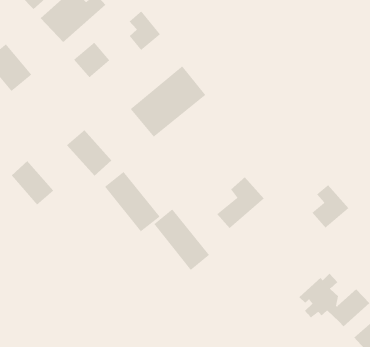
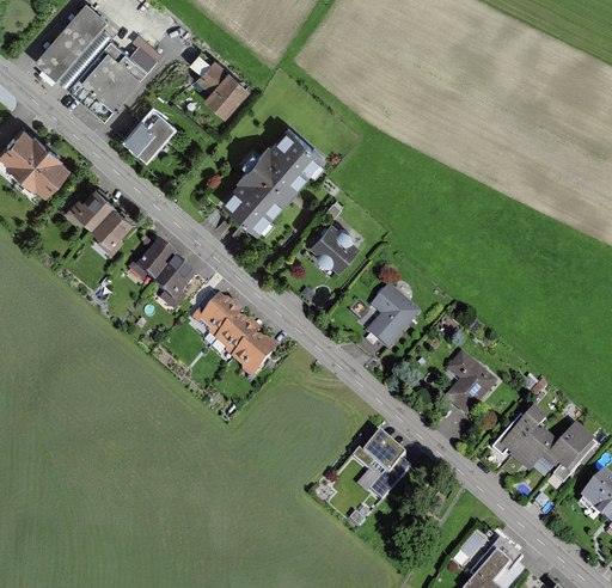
building: none -> [305,223,360,278]
building: [11,160,54,206] -> [69,186,135,251]
building: [312,184,349,228] -> [445,351,498,416]
building: [153,208,210,271] -> none
building: none -> [354,442,408,502]

